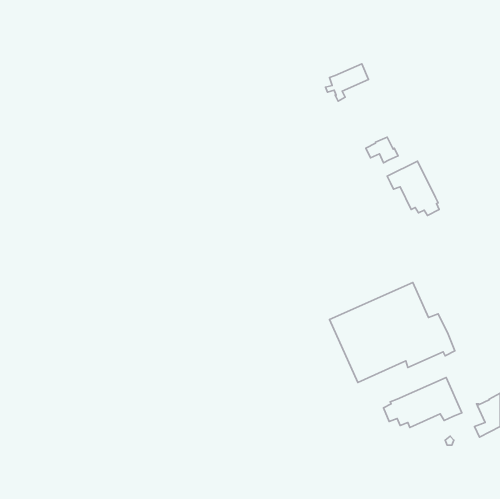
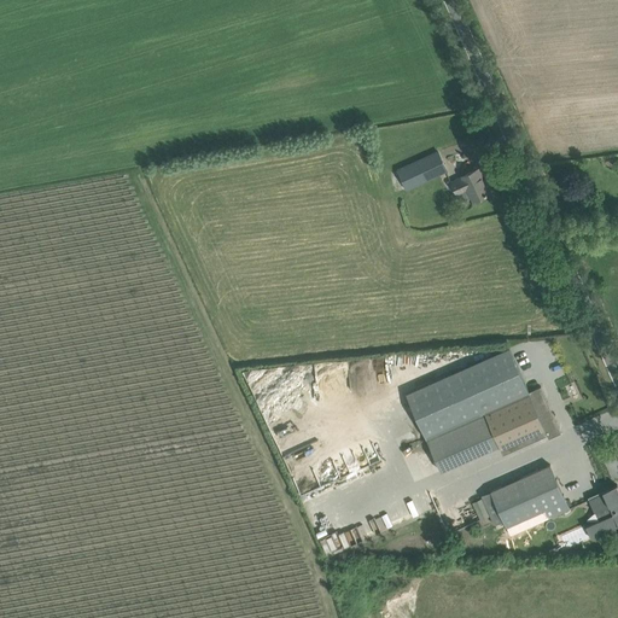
building: [325,64,369,101] -> [392,153,445,199]
building: [387,161,439,216] -> none

